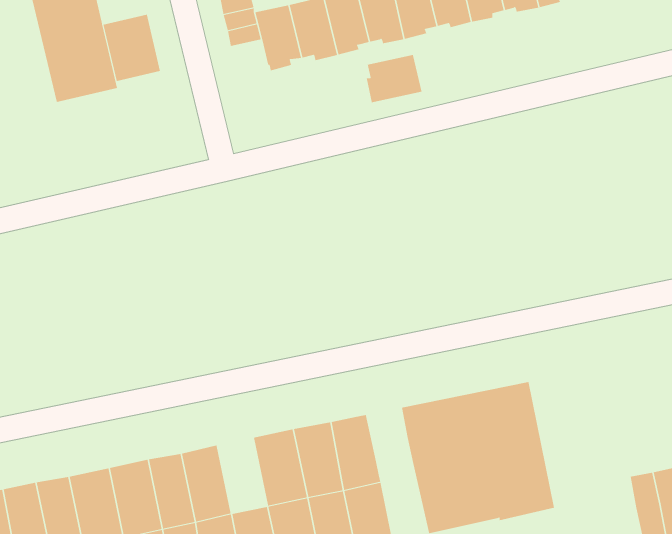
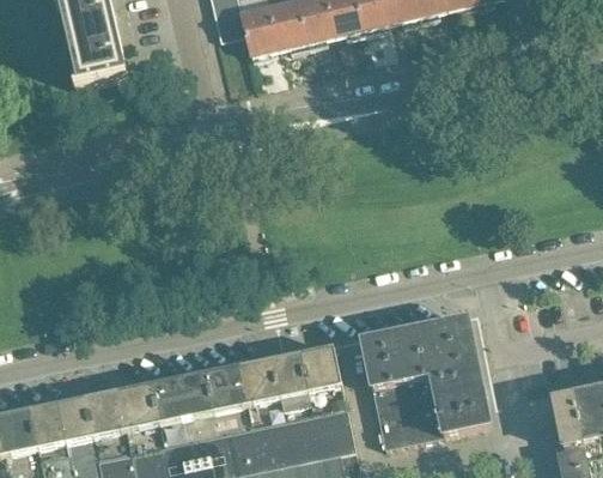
building: [103,14,161,82] -> none
building: [366,54,422,103] -> none
building: none -> [209,365,251,429]

